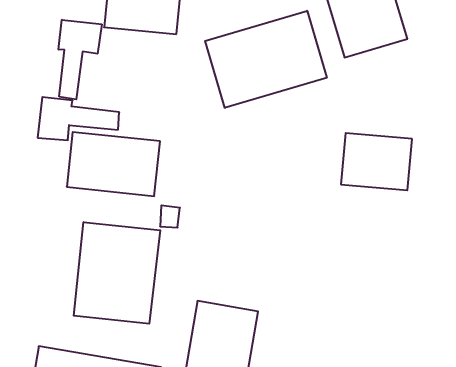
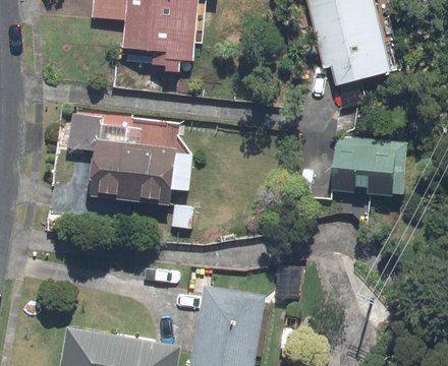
building: [205,11,327,108] -> none
building: [59,20,102,99] -> none
building: [74,222,160,324] -> none

